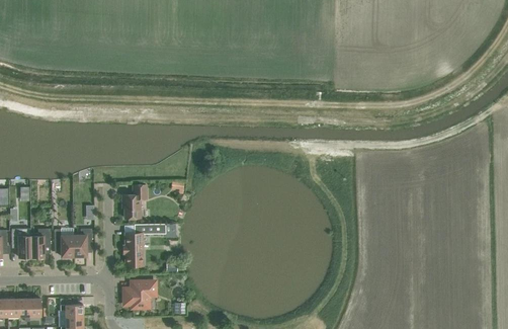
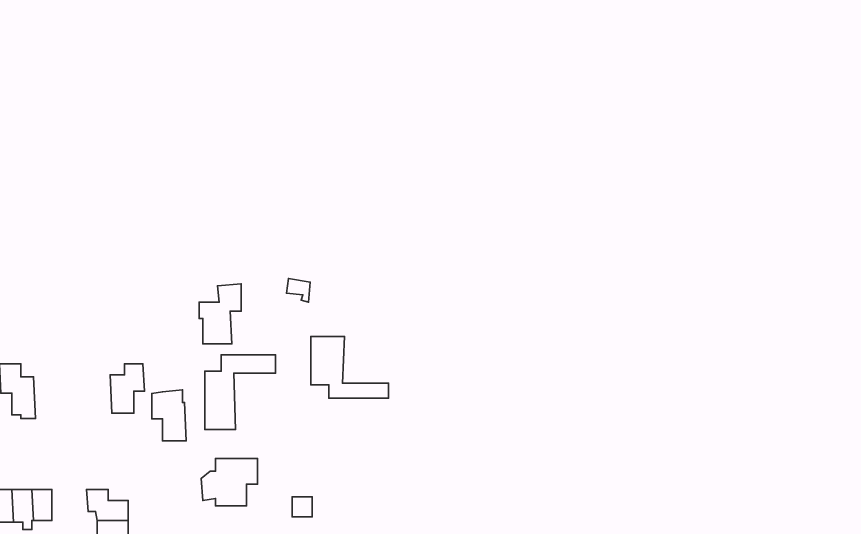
building: none -> [311,337,388,398]
building: [54,228,73,256] -> [152,390,186,441]
building: [29,229,50,259] -> none

